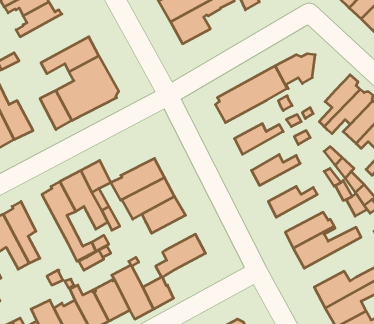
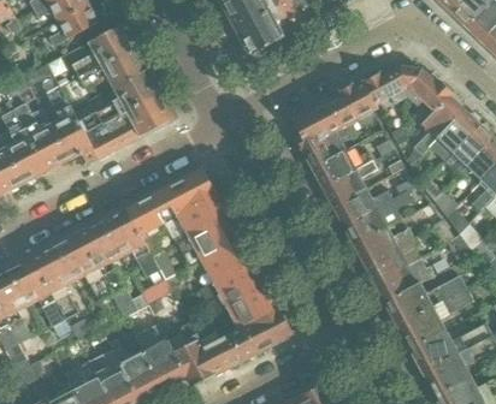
building: none -> [71,23,136,77]
building: none -> [406,67,451,111]
building: none -> [45,84,96,164]
building: none -> [301,123,355,168]
building: none -> [321,160,376,207]
building: none -> [149,170,215,221]
building: none -> [342,190,412,244]
building: none -> [54,236,111,302]
building: none -> [362,236,419,281]
building: none -> [199,261,265,303]
building: none -> [396,287,472,347]
building: none -> [231,307,290,361]

